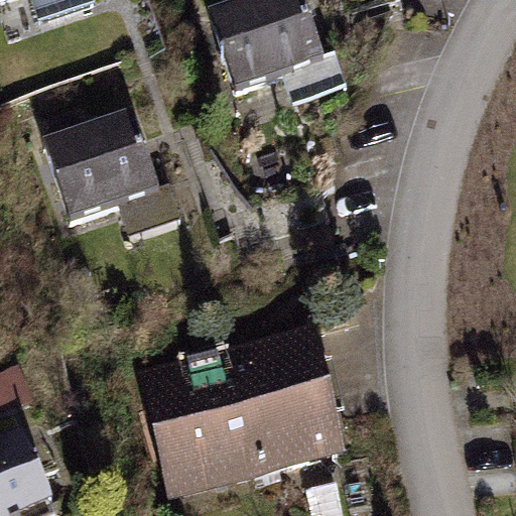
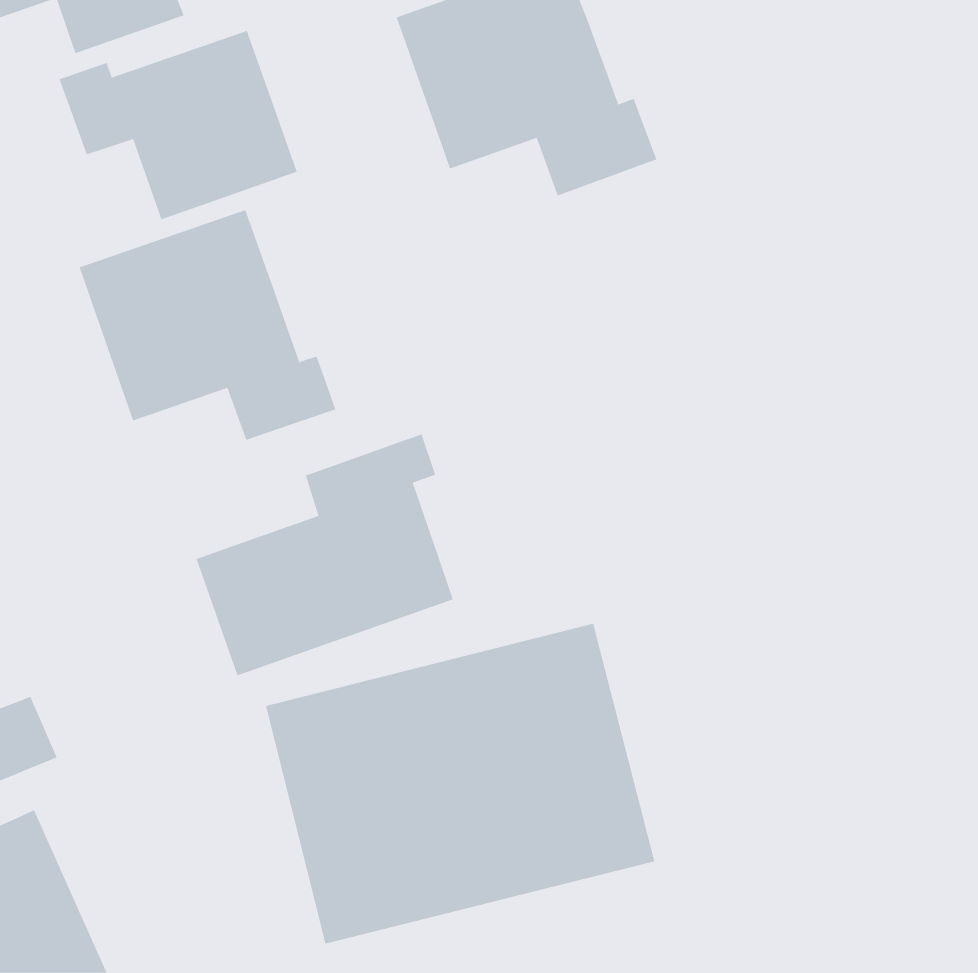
building: none -> [59,30,298,220]
building: none -> [196,434,454,676]

